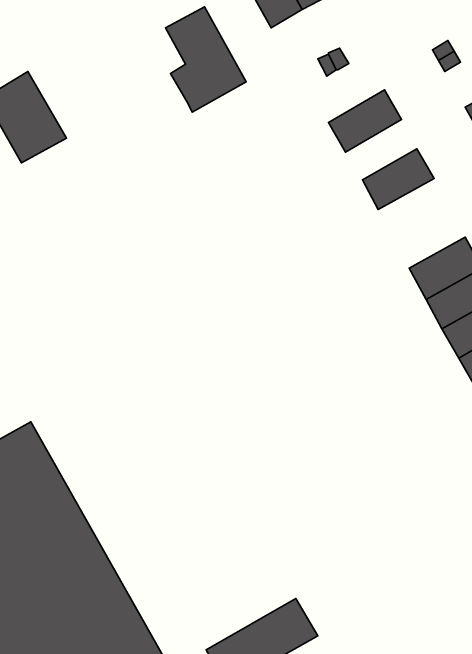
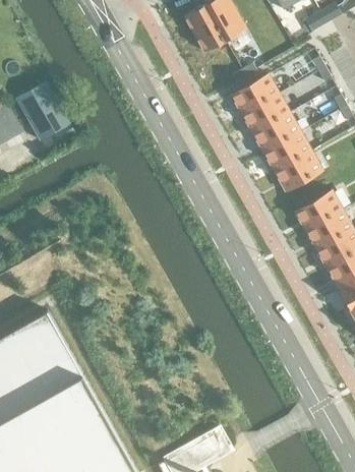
building: [166,7,246,112] -> none
building: none -> [231,74,279,115]
building: none -> [253,113,300,153]
building: none -> [275,152,322,192]

